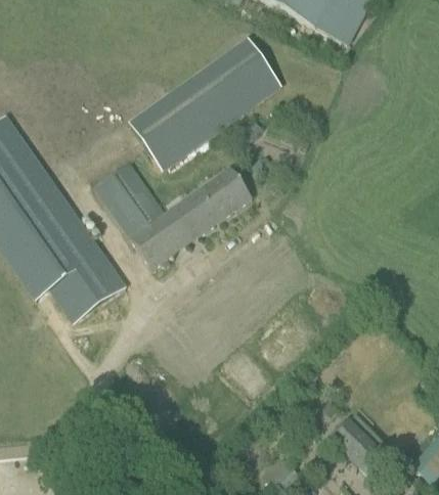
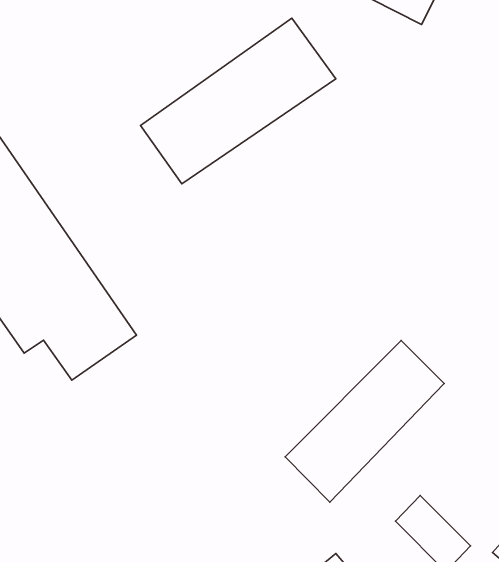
building: [94,162,252,267] -> none
building: none -> [285,341,444,502]

